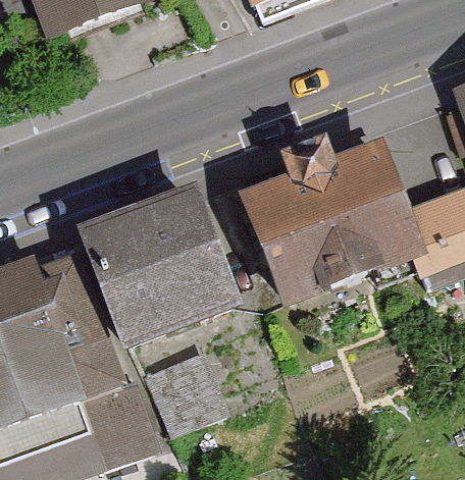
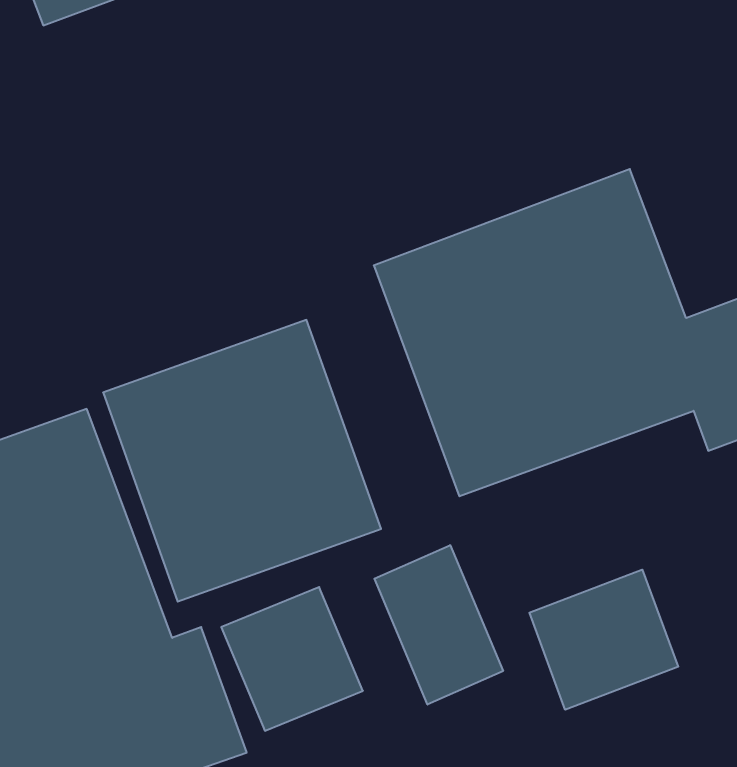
building: none -> [374,545,503,705]
building: none -> [529,570,678,710]

